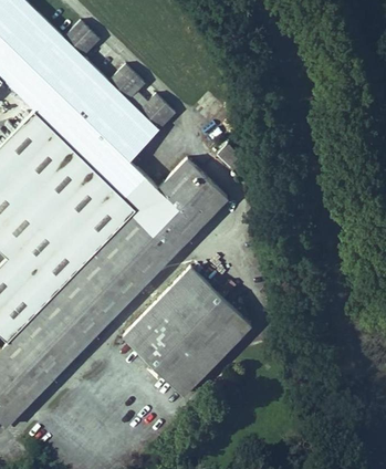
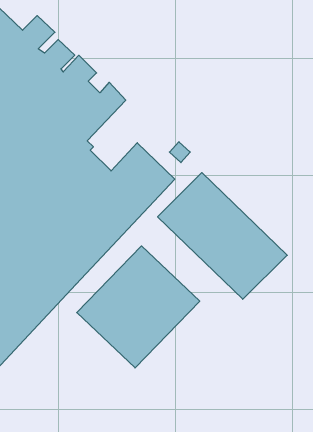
building: none -> [158,173,287,299]

